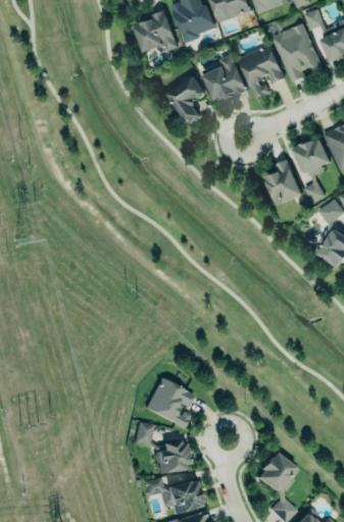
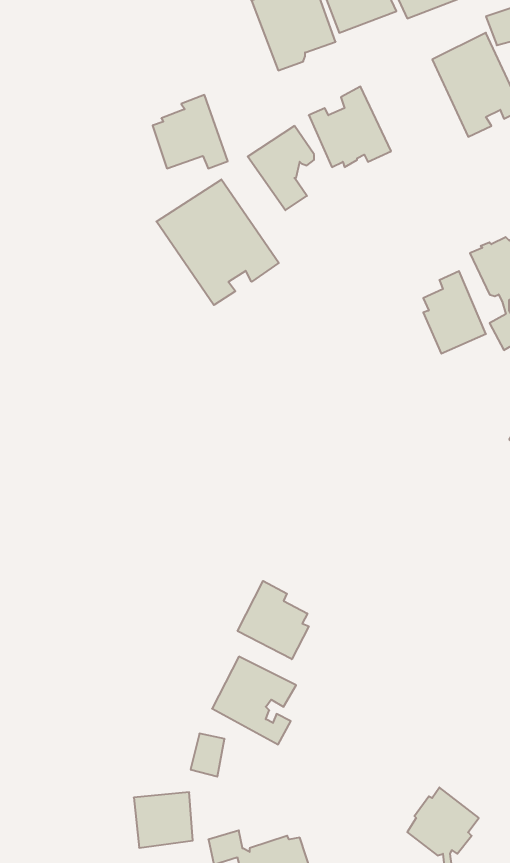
building: [135,10,178,52] -> [153,95,228,168]
building: [238,45,285,99] -> none
building: none -> [156,179,279,305]
building: none -> [238,581,309,659]
building: [155,441,189,473] -> [134,792,193,848]

